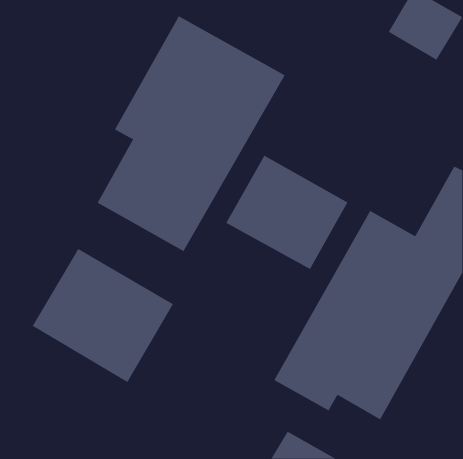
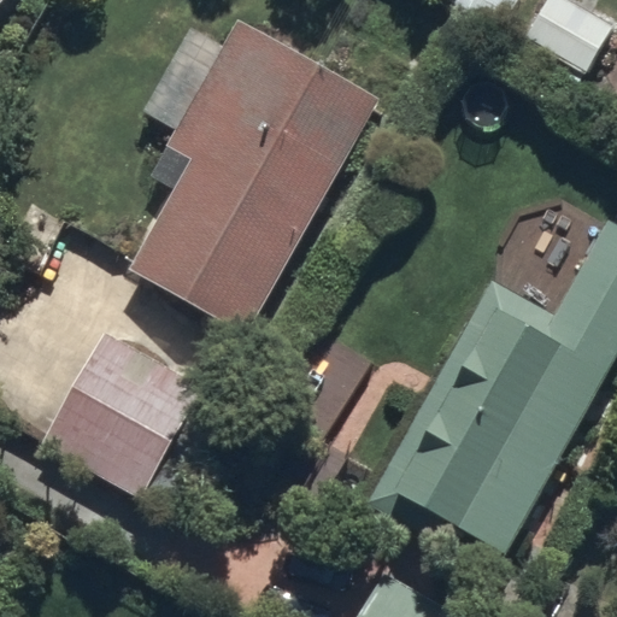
building: [226,155,348,270] -> none

